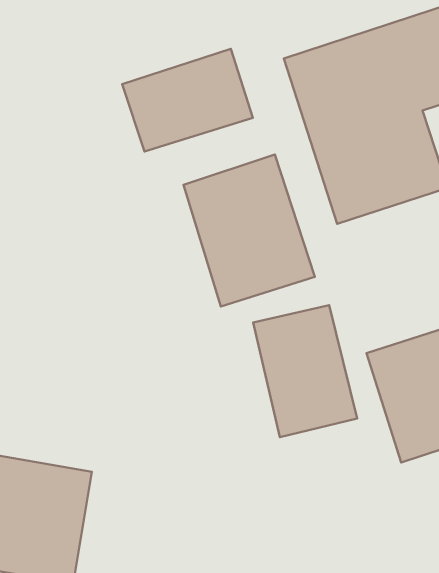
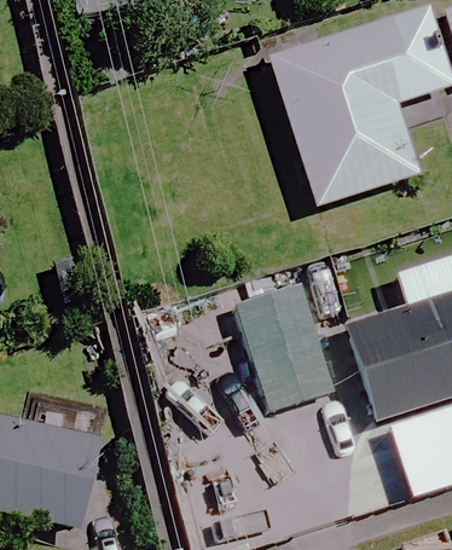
building: [122,49,253,152] -> none
building: [183,155,315,307] -> none

